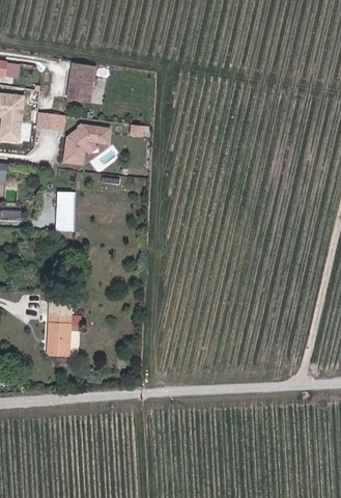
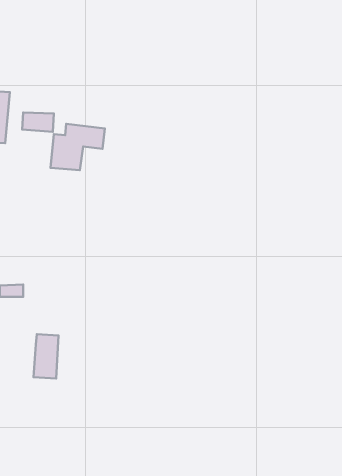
building: [66,62,105,103] -> none
building: [55,190,76,231] -> none

